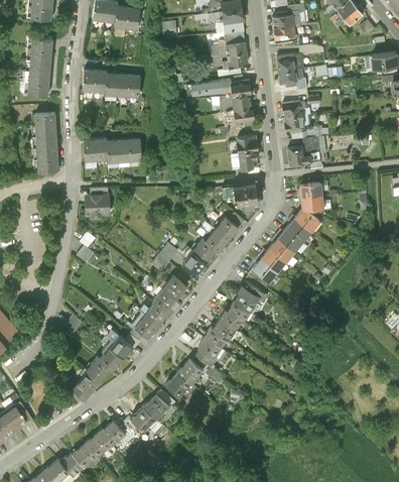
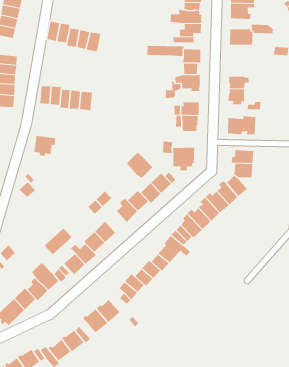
building: [278,68,306,87] -> none
building: none -> [126,152,153,179]
building: none -> [44,228,72,255]

